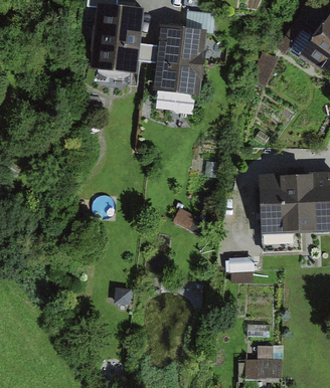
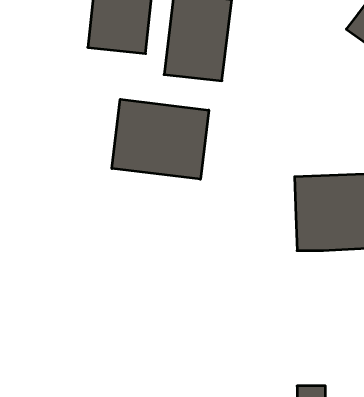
building: none -> [112,99,209,179]

